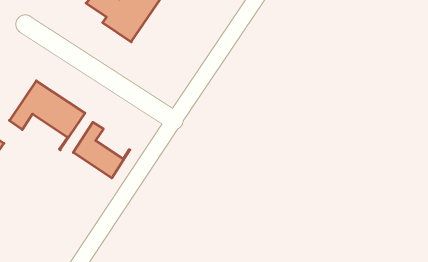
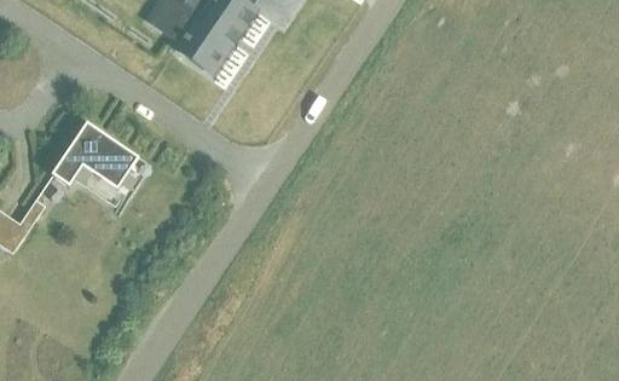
building: [73,122,130,178] -> none

